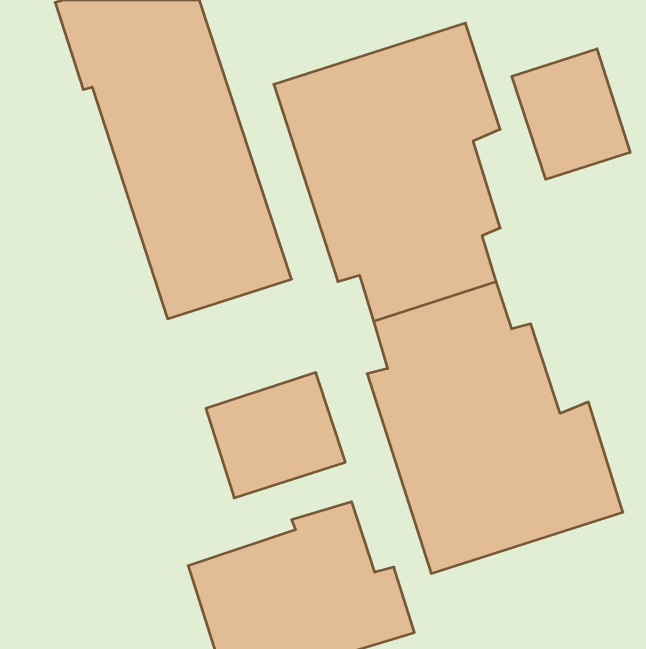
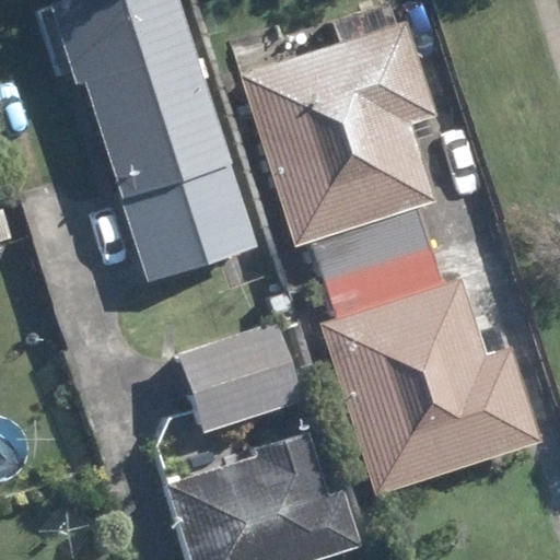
building: [512,49,630,179] -> none

